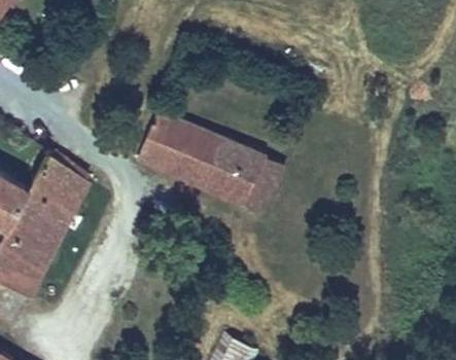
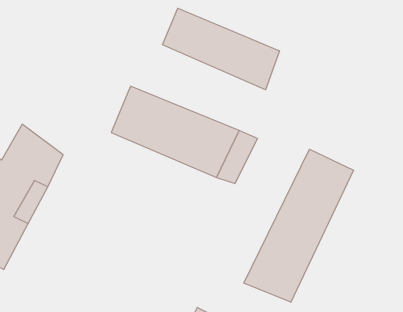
building: none -> [162,8,279,90]
building: none -> [244,149,354,302]

